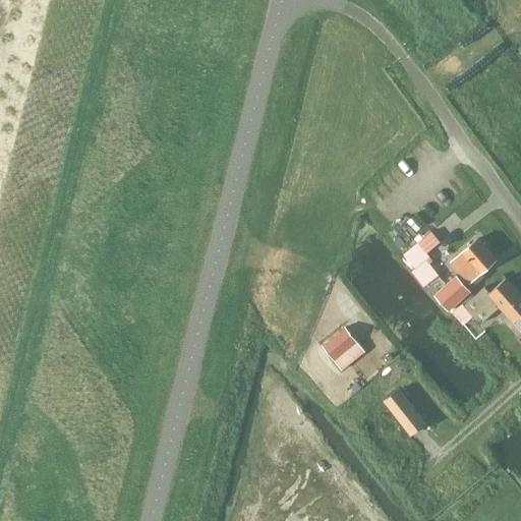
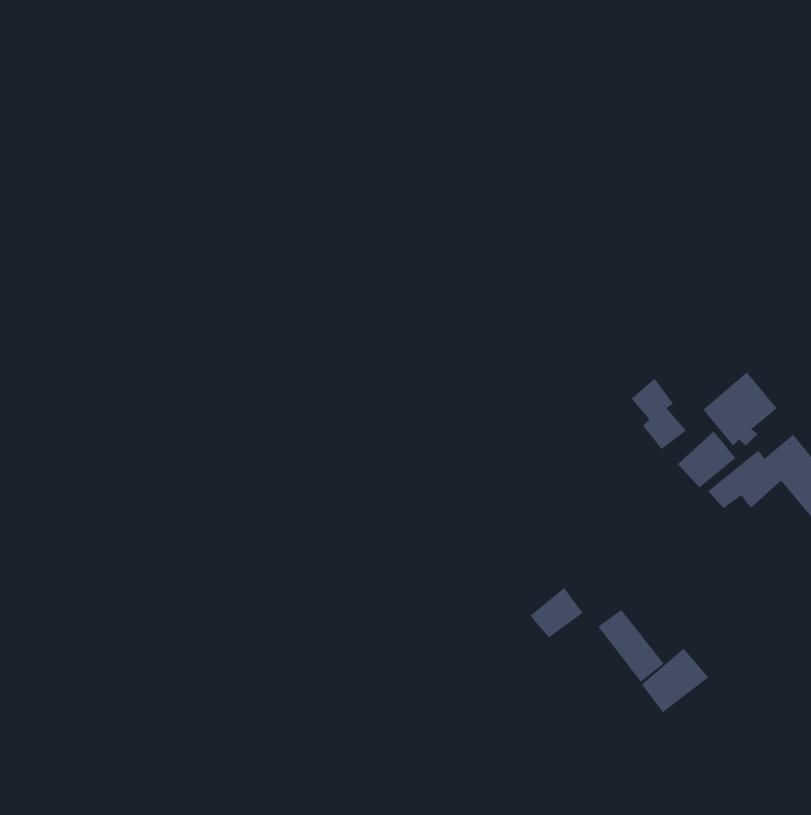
building: [323,327,357,359] -> [529,587,584,638]
building: none -> [641,648,709,713]

